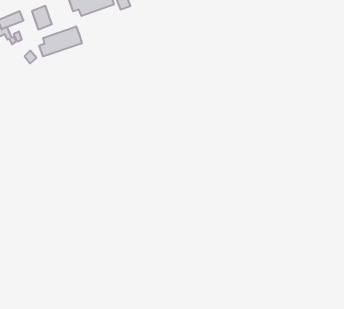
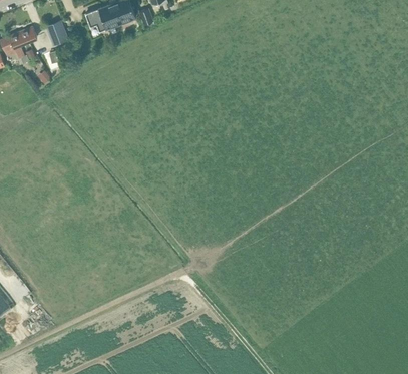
building: [39,26,82,56] -> none

